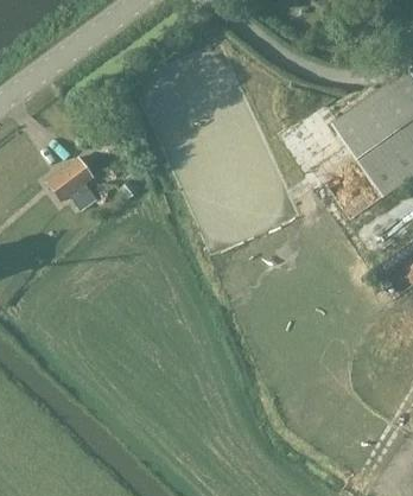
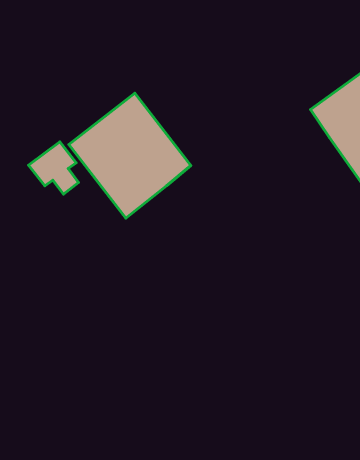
building: none -> [69,93,191,218]

